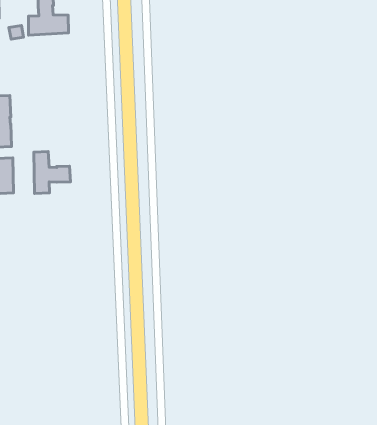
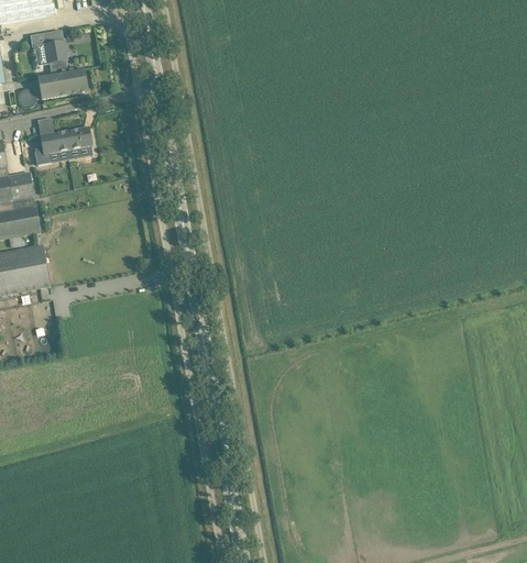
building: none -> [39,126,91,161]
building: [34,152,70,194] -> none

